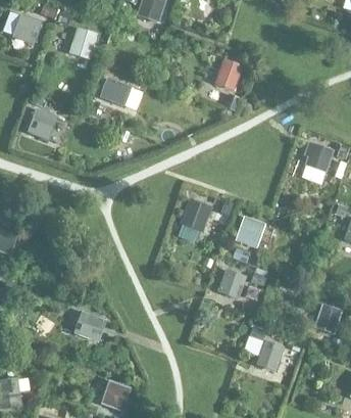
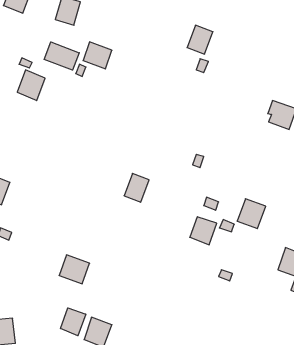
building: none -> [44,42,79,70]
building: [183,198,210,230] -> [124,173,149,202]
building: [234,216,265,248] -> [237,199,266,229]
building: [255,339,284,372] -> none
building: none -> [61,308,86,336]

